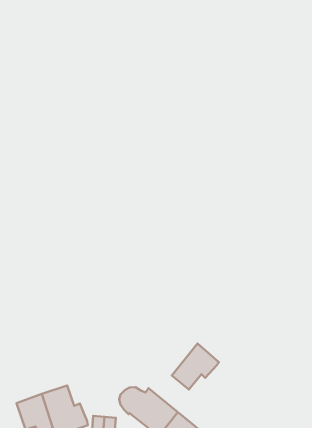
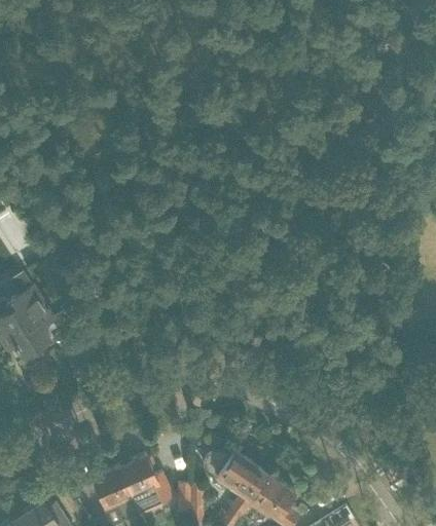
building: [172,344,219,389] -> none

